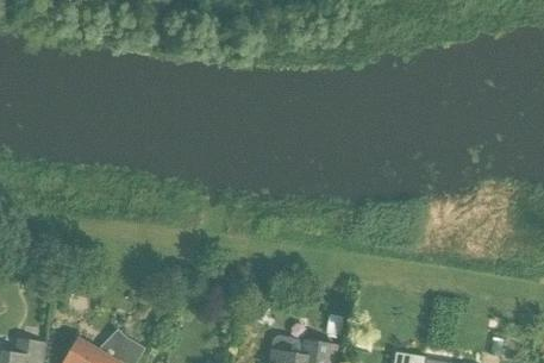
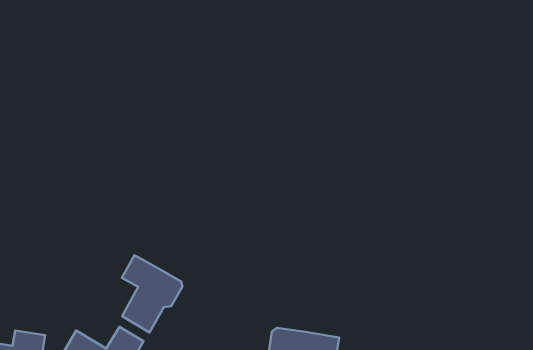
building: none -> [122,255,182,332]

